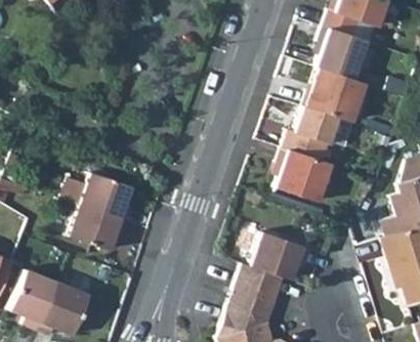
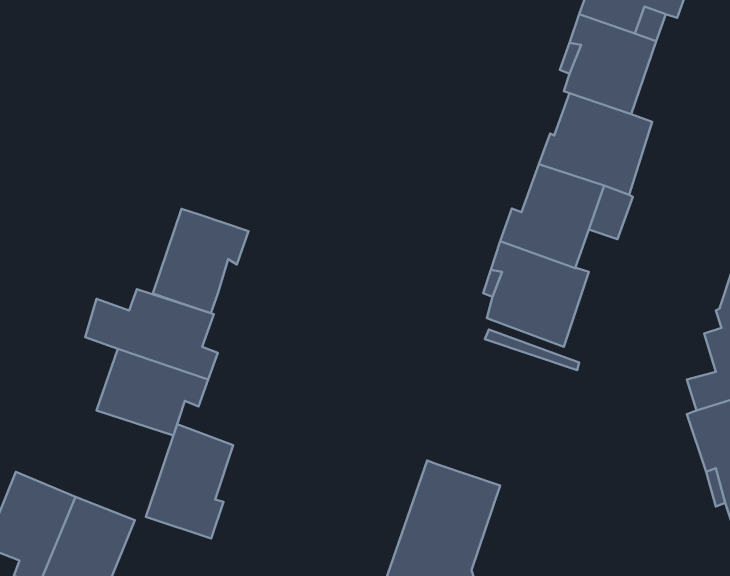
building: none -> [153,209,248,313]
building: [250,231,311,280] -> none
building: none -> [146,424,233,538]

